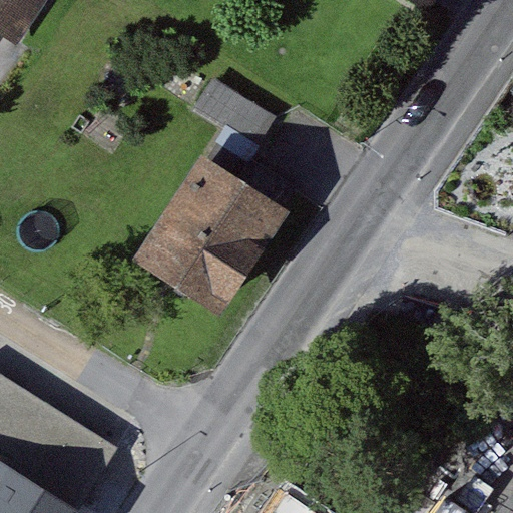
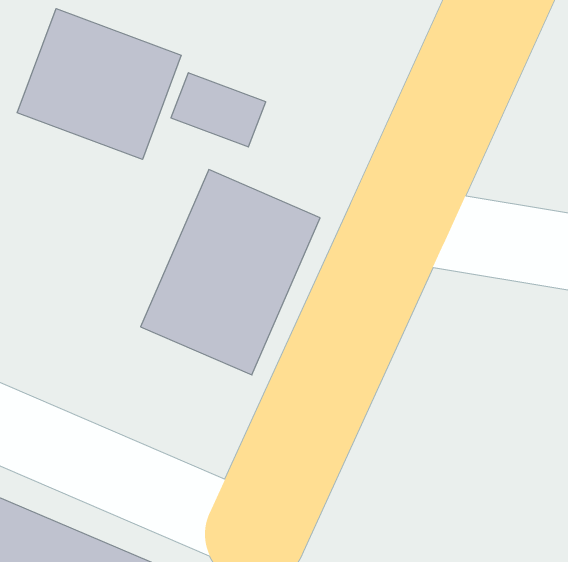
building: none -> [17,9,181,159]

